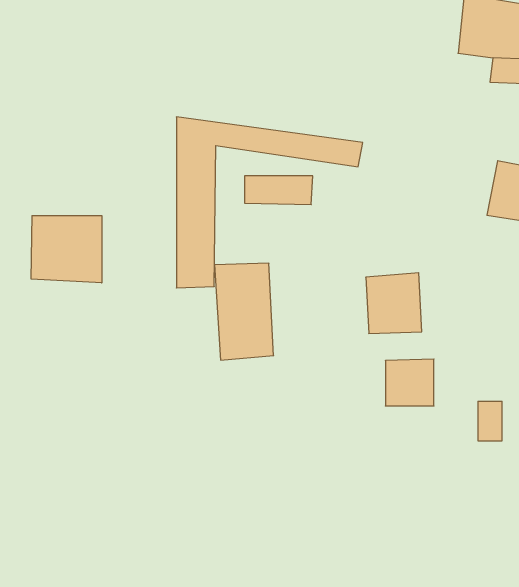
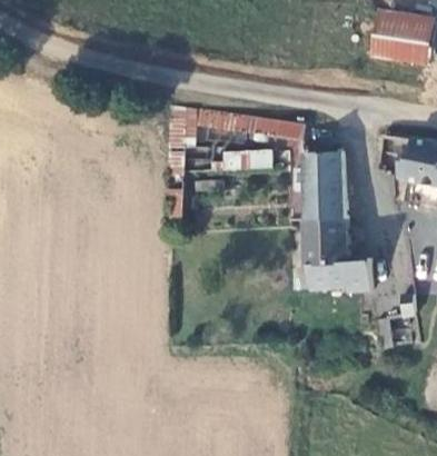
building: [31,216,102,283] -> none
building: [214,263,274,360] -> [302,151,346,222]

